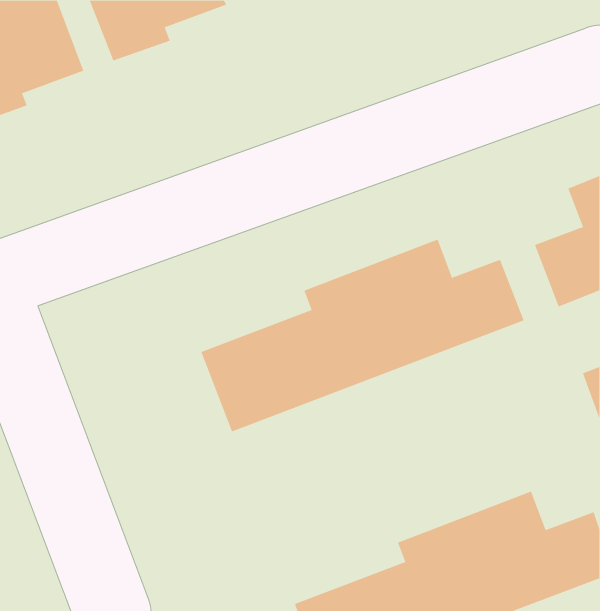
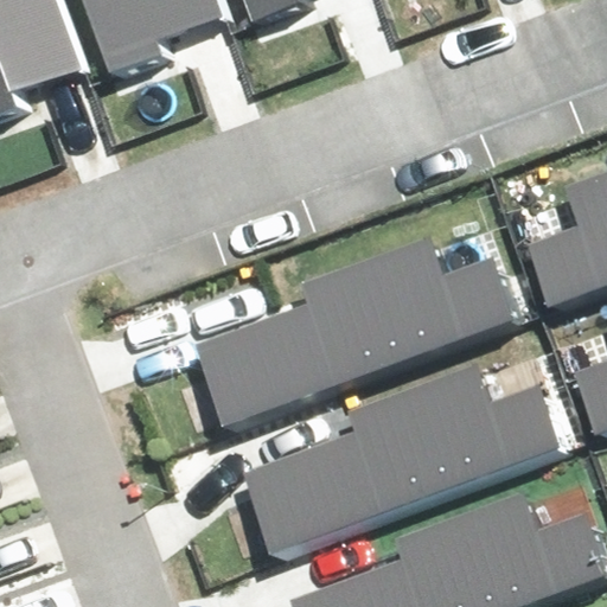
building: none -> [244,363,564,554]

